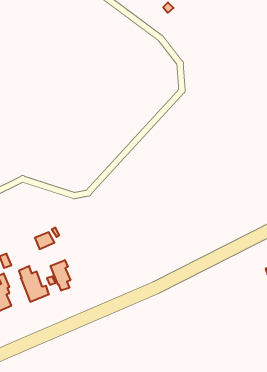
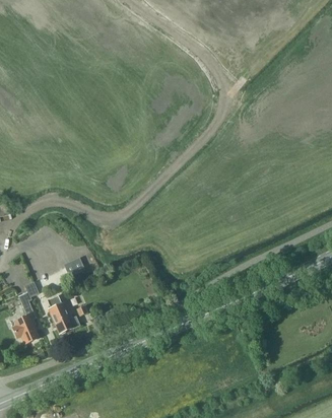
building: [51,260,70,291] -> none

